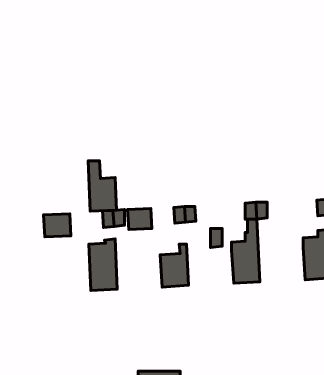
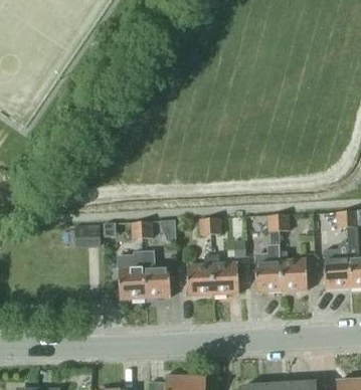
building: [88,161,116,211] -> [143,249,170,298]
building: none -> [280,250,307,290]
building: none -> [211,254,238,294]

